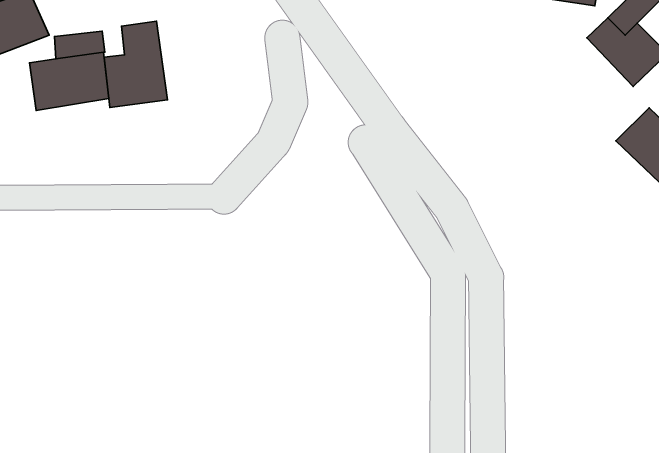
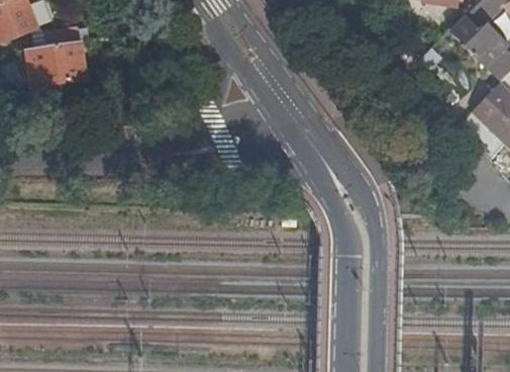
building: [104,21,167,107] -> none

